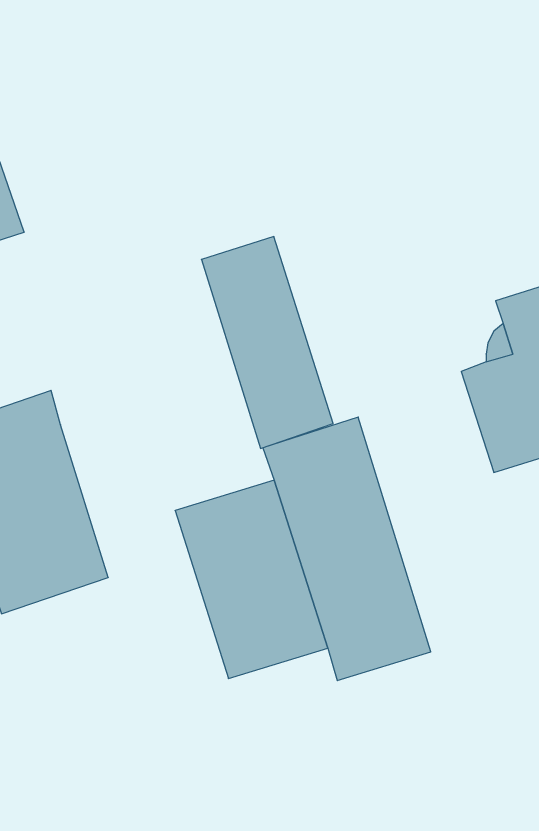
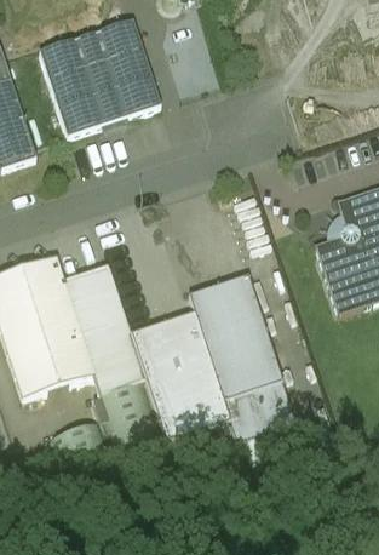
building: none -> [39,19,159,133]
building: [201,237,333,448] -> [59,264,143,399]

